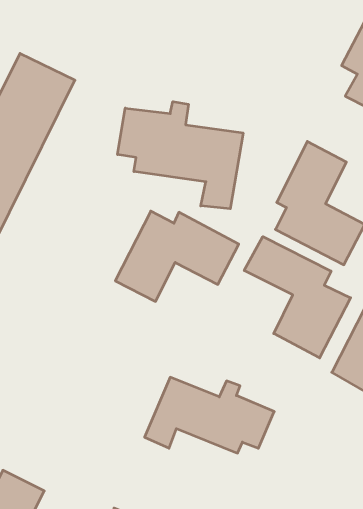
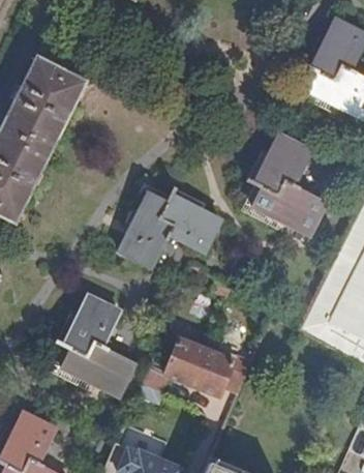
building: [118,102,243,209] -> none
building: [244,237,351,358] -> none
building: none -> [63,294,137,397]

